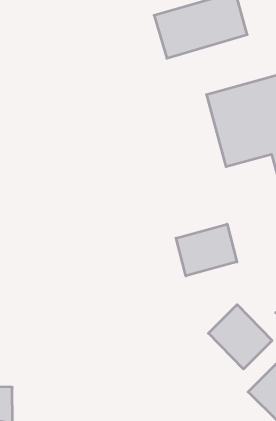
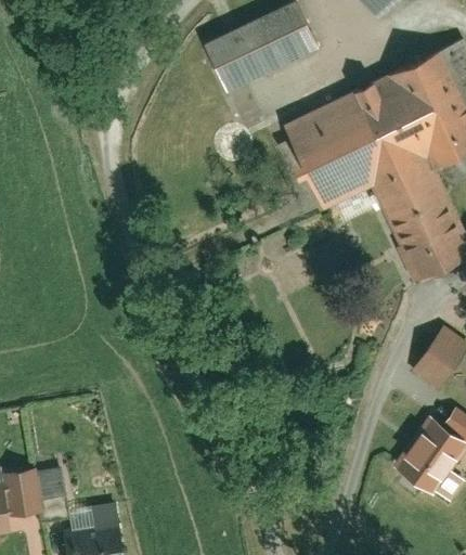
building: [176,224,237,276] -> none
building: [208,305,272,369] -> none

